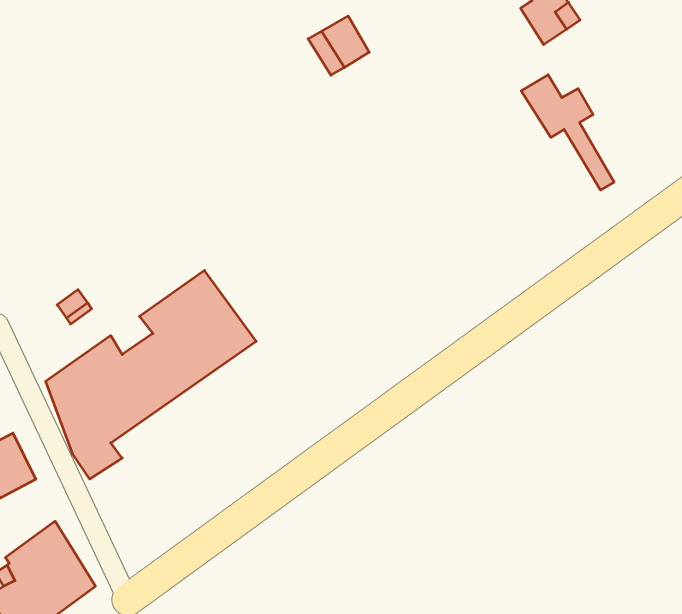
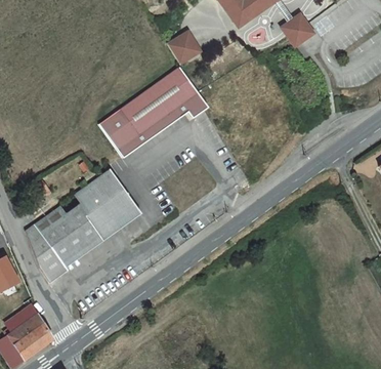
building: [521,75,614,190] -> none
building: none -> [98,66,206,155]

